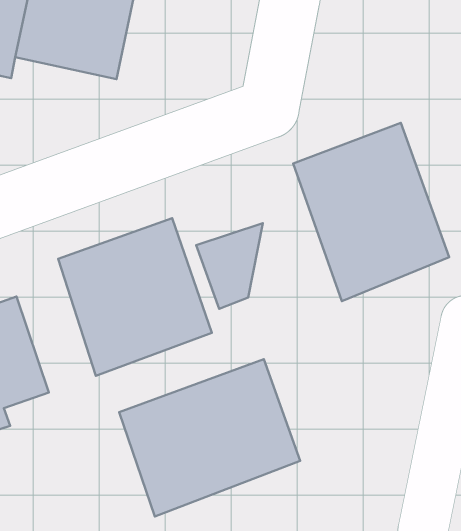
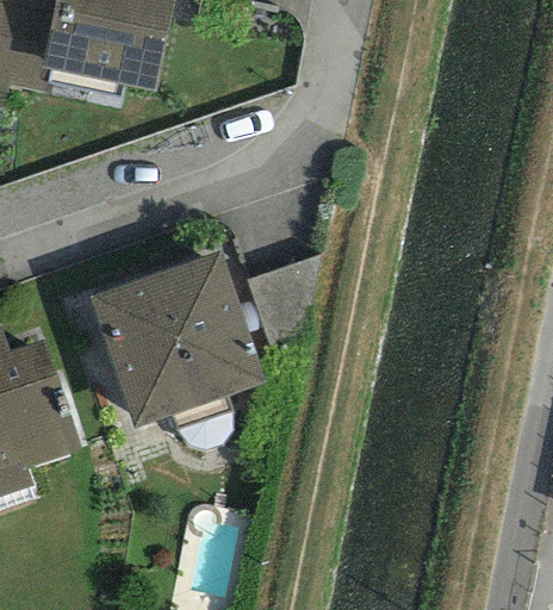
building: [293,123,449,301] -> none
building: [119,359,300,517] -> none

